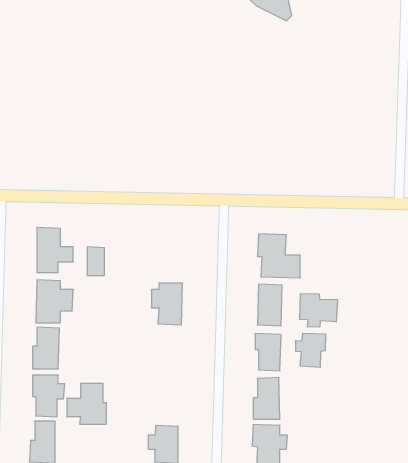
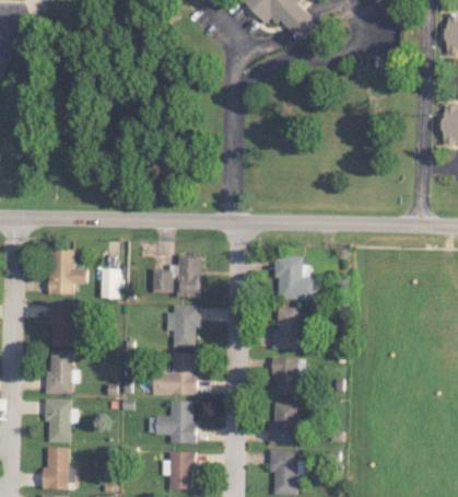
building: none -> [153,254,201,297]
building: [300,294,337,327] -> none
building: none -> [153,351,198,395]
building: [296,333,325,367] -> none
building: [67,383,106,424] -> [156,401,197,442]

